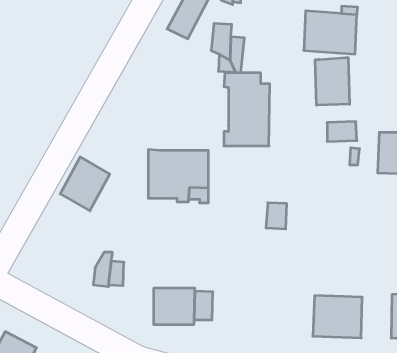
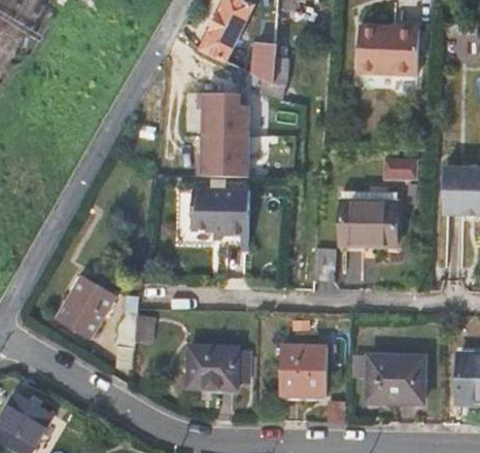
building: [315,58,350,105] -> none
building: [224,73,270,146] -> [199,92,251,175]
building: none -> [341,191,398,247]
building: [60,157,110,211] -> [59,276,115,338]
building: none -> [278,349,327,398]

